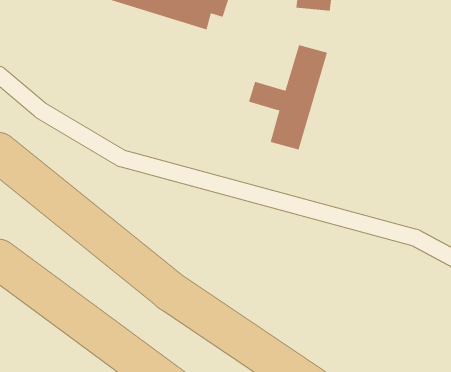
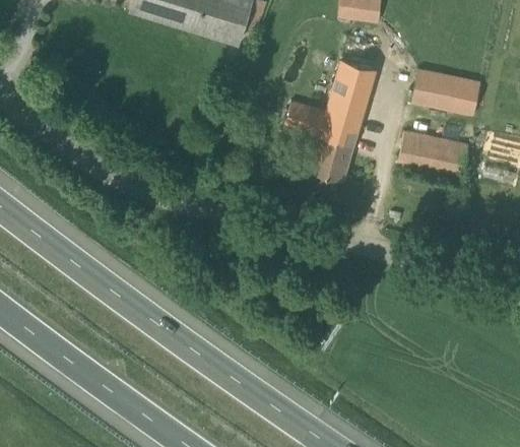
building: none -> [415,70,479,127]
building: none -> [399,132,470,173]

